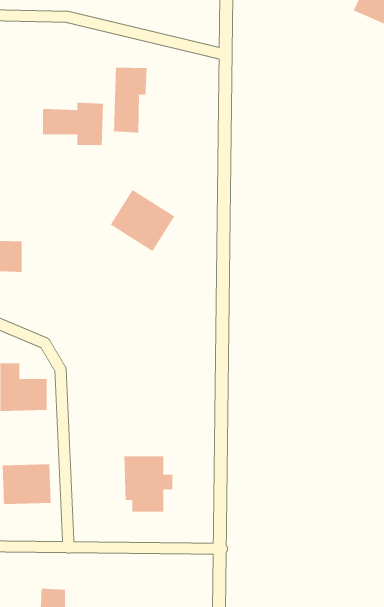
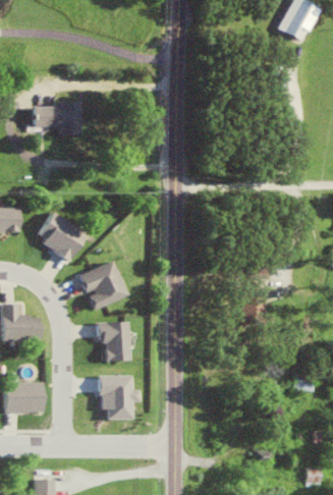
building: [114,67,147,133] -> none
building: [110,189,175,252] -> [37,212,88,261]
building: none -> [79,261,128,311]
building: none -> [100,322,128,362]

